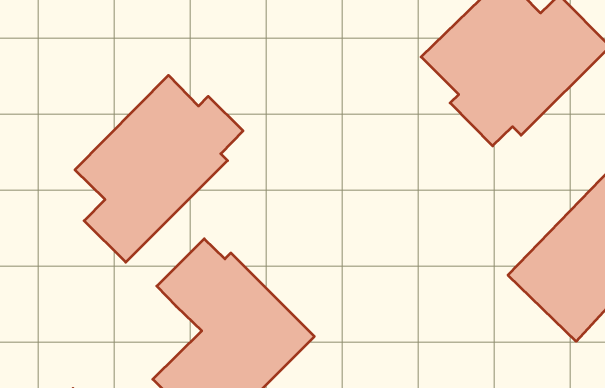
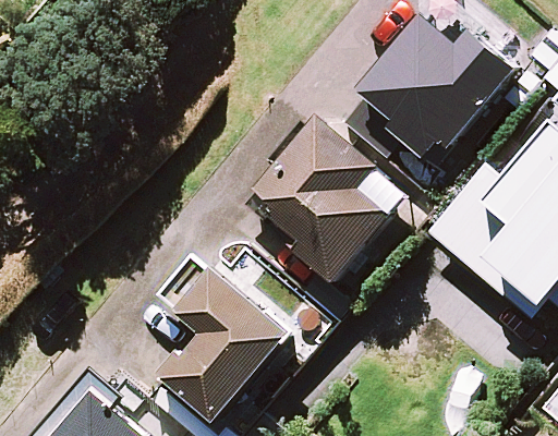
building: [75,75,243,262] -> none
building: none -> [254,116,391,283]

